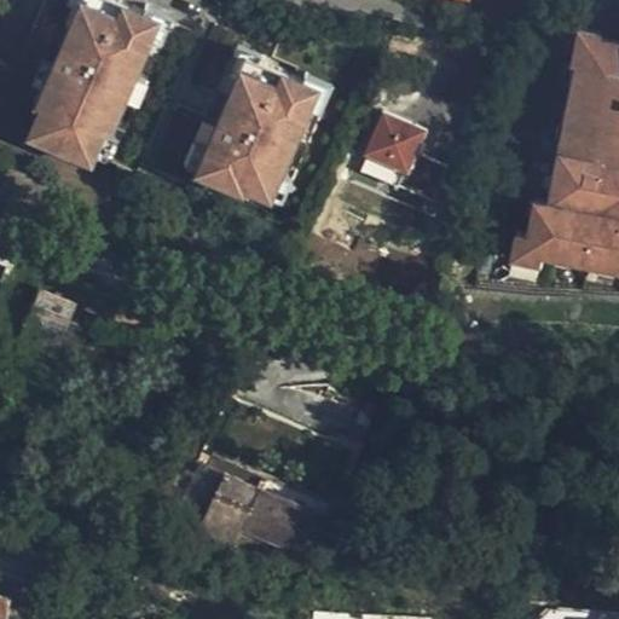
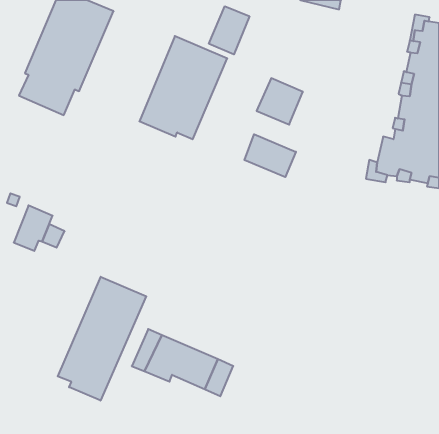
building: none -> [209,6,249,54]
building: none -> [244,134,296,177]
building: none -> [58,277,146,401]

